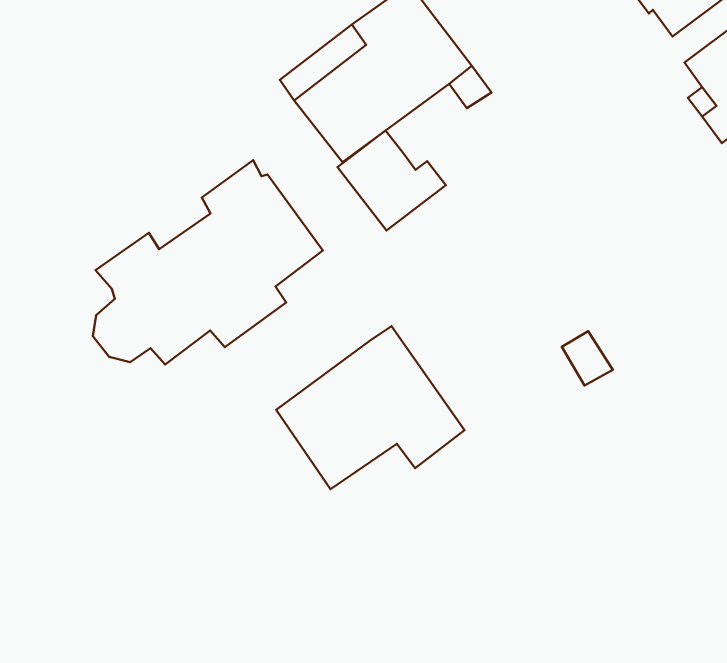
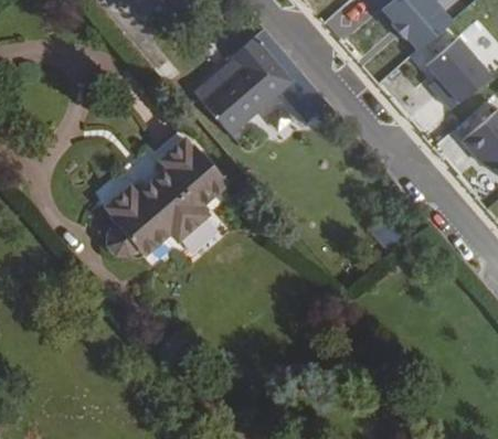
building: [338,131,446,231] -> none
building: [276,326,464,489] -> none

